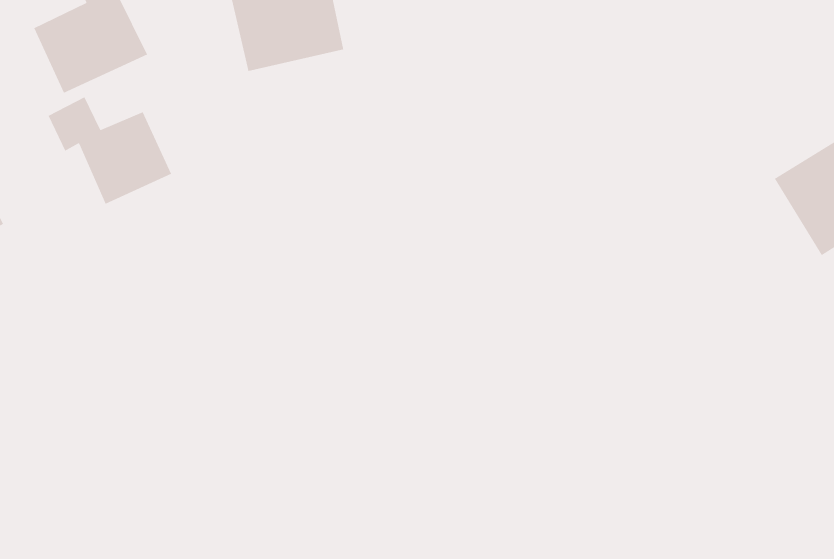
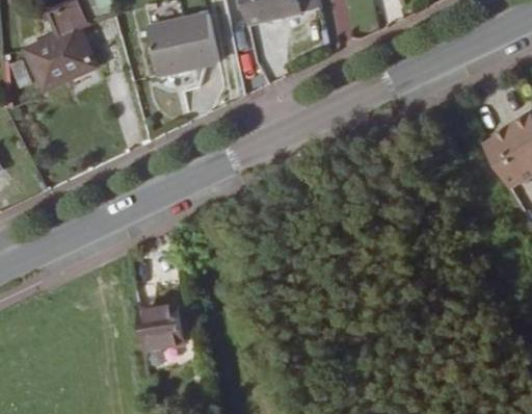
building: [47,96,172,205] -> none
building: none -> [137,303,185,351]

